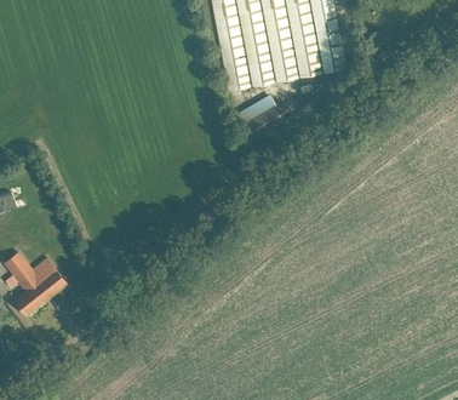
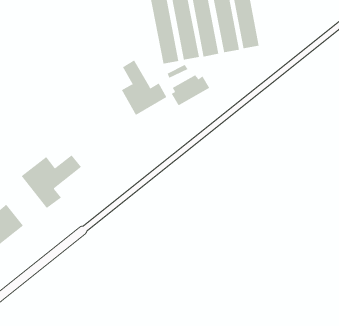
building: none -> [121,60,167,116]
building: none -> [21,154,82,209]

